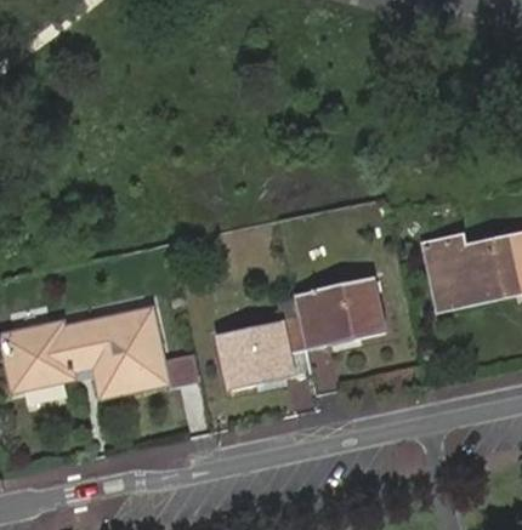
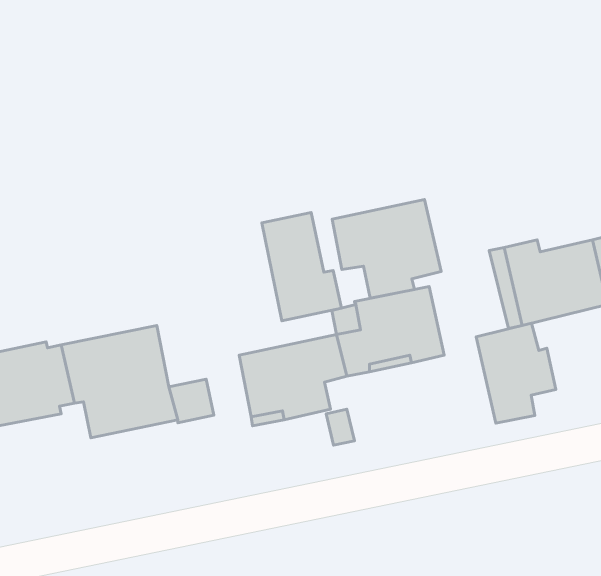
building: none -> [332,199,441,298]
building: none -> [262,212,341,321]
building: none -> [476,323,556,423]

